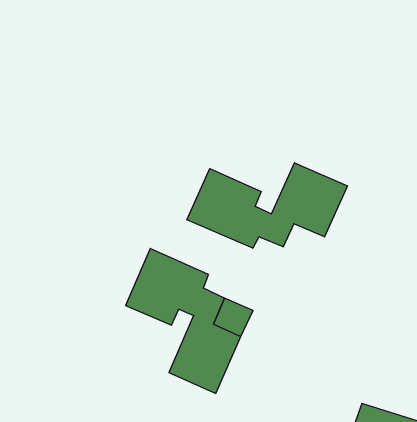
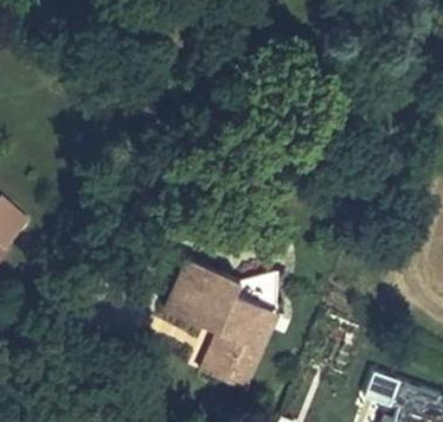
building: [187,163,348,248] -> none

